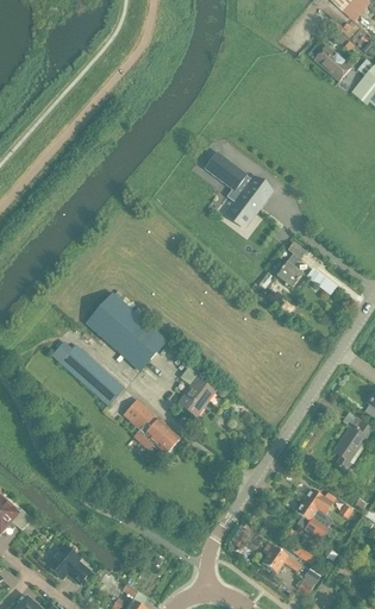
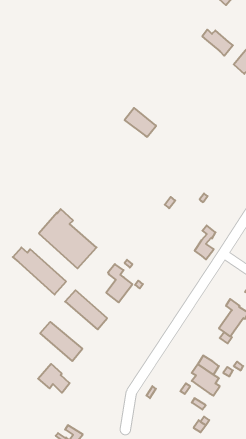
building: [225,175,269,220] -> none
building: [275,241,304,288] -> [195,225,216,259]
building: none -> [40,322,82,361]
building: [261,542,300,572] -> none
building: [45,545,88,584] -> [38,364,70,393]

